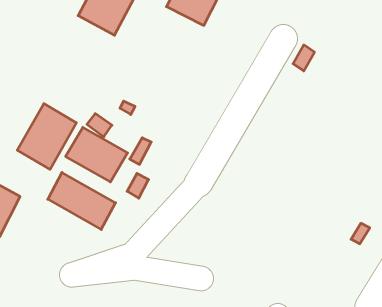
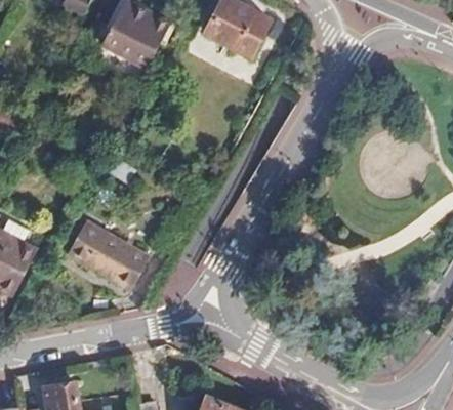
building: [17,104,76,169] -> none
building: [66,127,128,182] -> none

